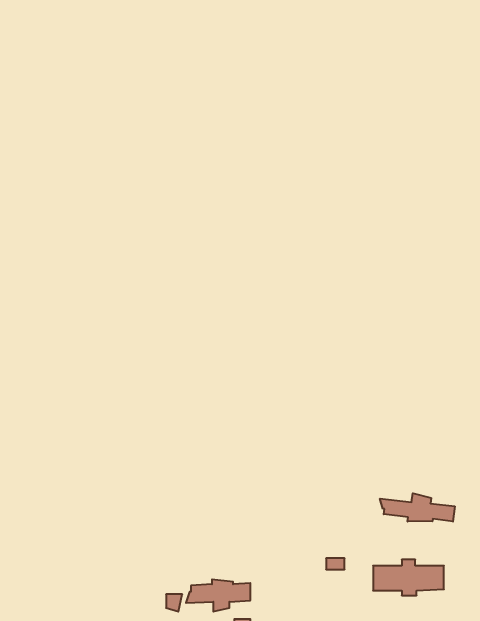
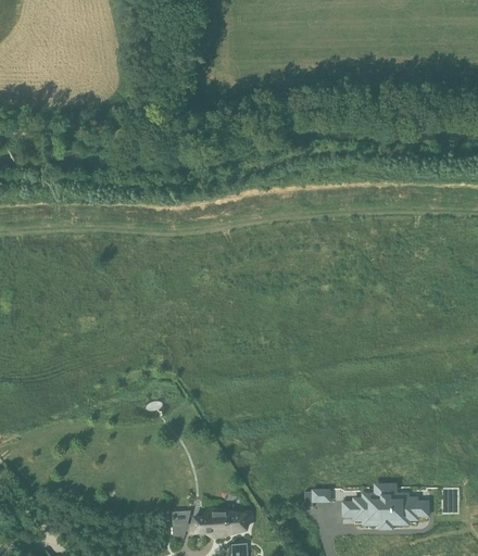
building: [380,493,455,522] -> none

